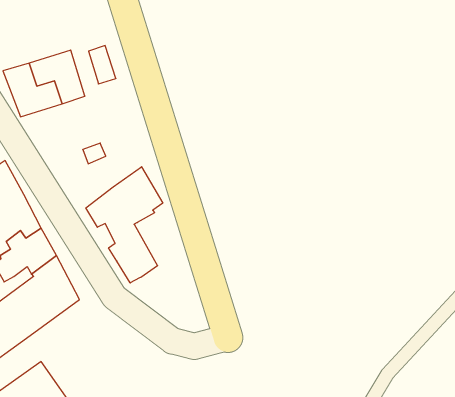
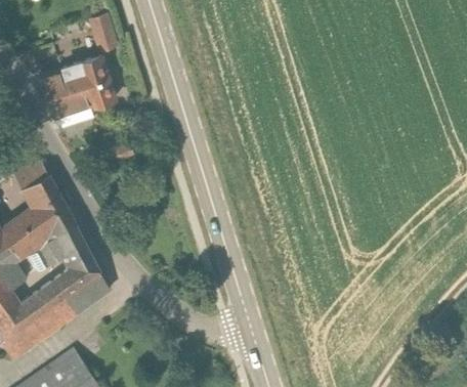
building: [89,46,116,84] -> [90,15,116,51]
building: [86,167,163,283] -> none

